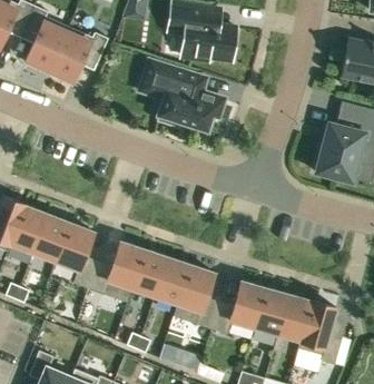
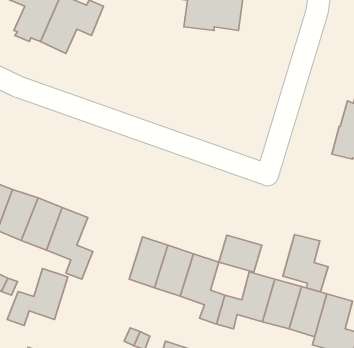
building: [138,60,223,130] -> none
building: [87,242,142,294] -> [7,268,68,326]
building: none -> [283,235,328,292]
building: none -> [219,235,262,272]

